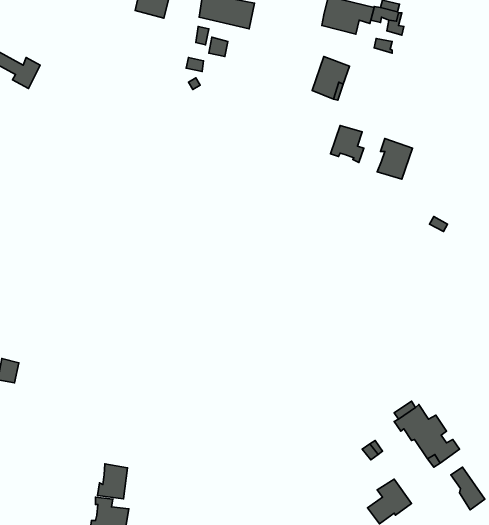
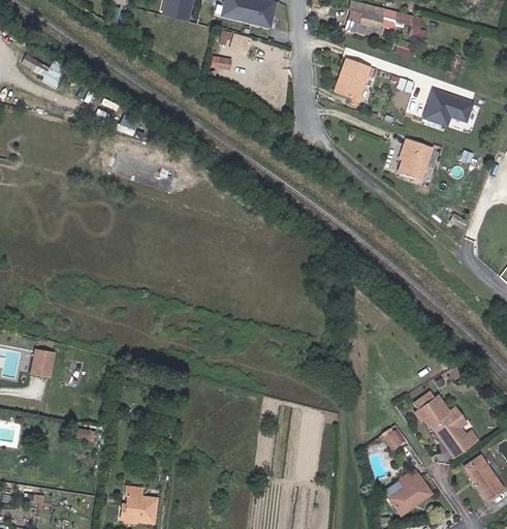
building: none -> [426,90,474,123]
building: [331,125,364,162] -> none
building: [98,464,127,499] -> none

